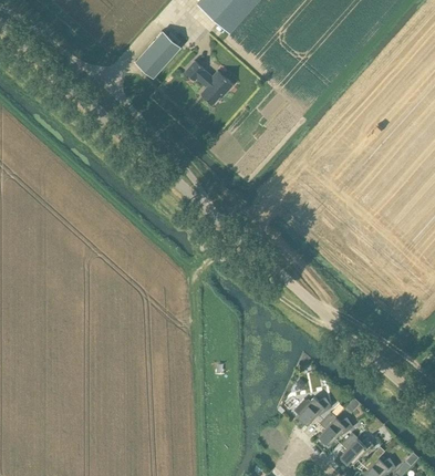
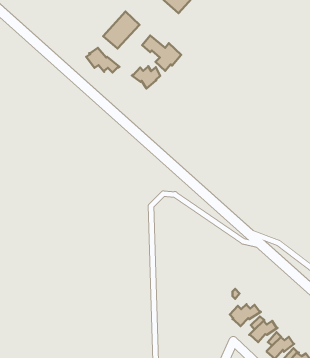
building: none -> [86,48,119,73]
building: none -> [132,66,160,89]

